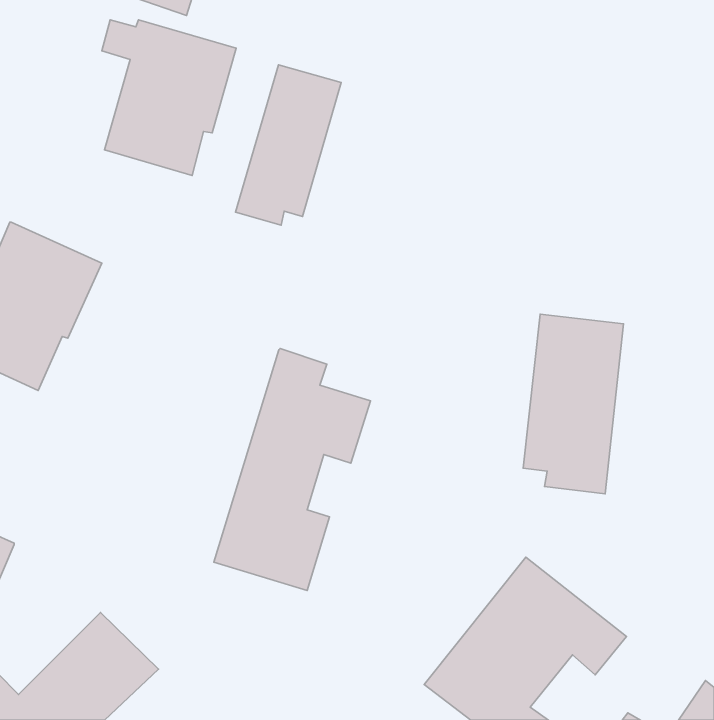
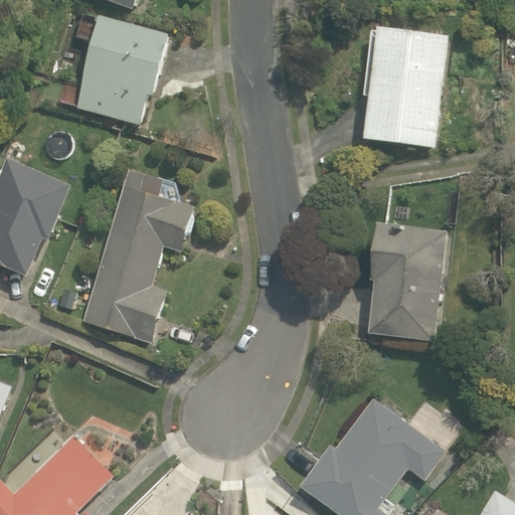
building: none -> [361,23,450,148]
building: [236,65,341,225] -> none
building: [214,348,371,590] -> [82,170,194,342]

